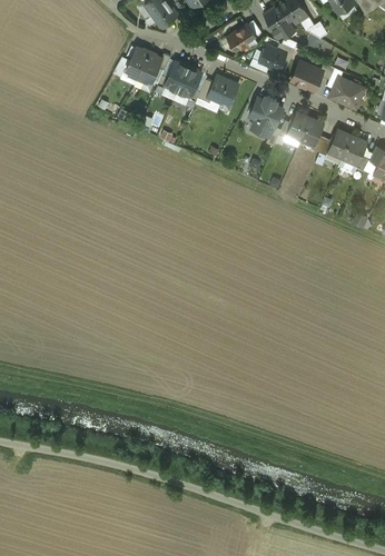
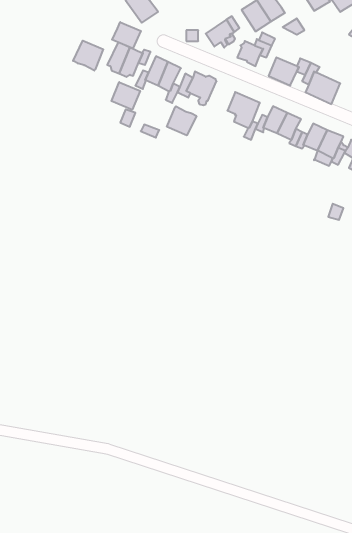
building: none -> [112,22,141,49]
building: none -> [73,41,103,71]
building: none -> [111,82,140,110]
building: none -> [167,106,196,135]

